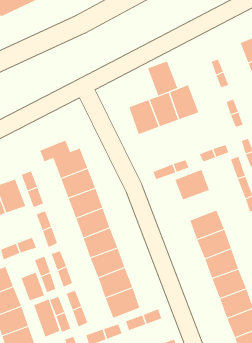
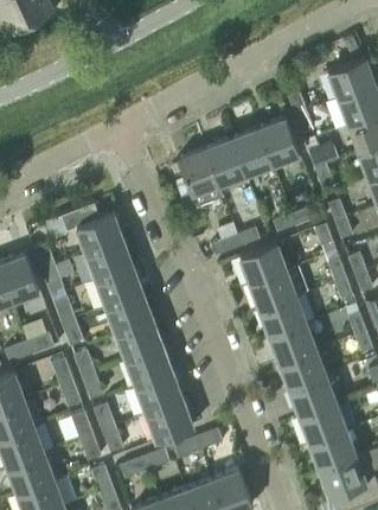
building: [147,61,178,96] -> [258,119,300,166]
building: none -> [250,270,296,311]
building: [21,272,45,301] -> none
building: [34,299,60,338] -> none

